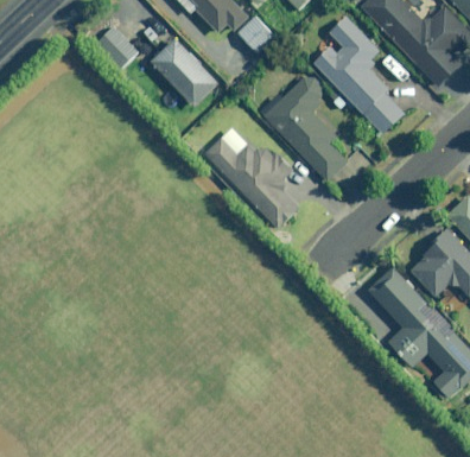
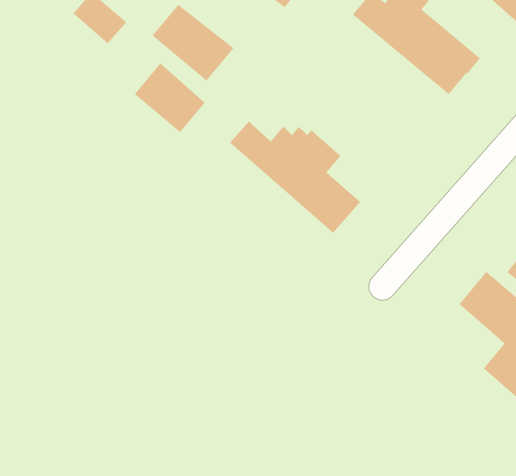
building: [261,77,354,183] -> none
building: none -> [134,62,205,133]

